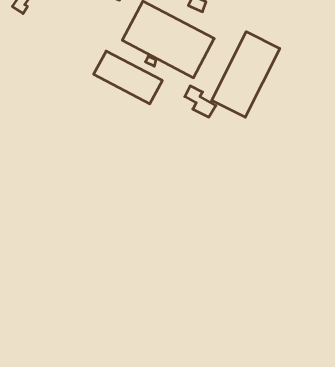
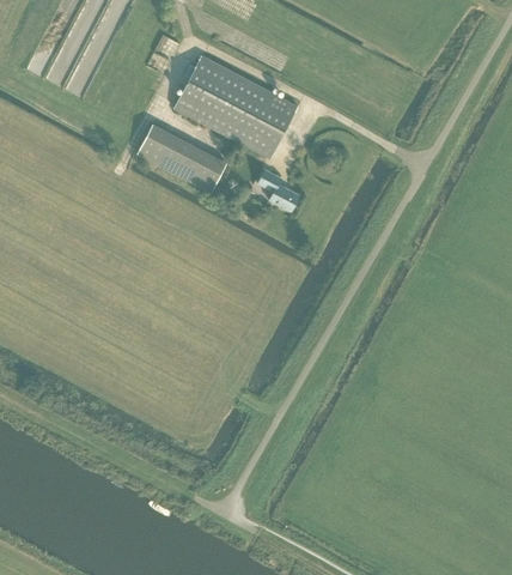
building: [212,32,280,117] -> none

